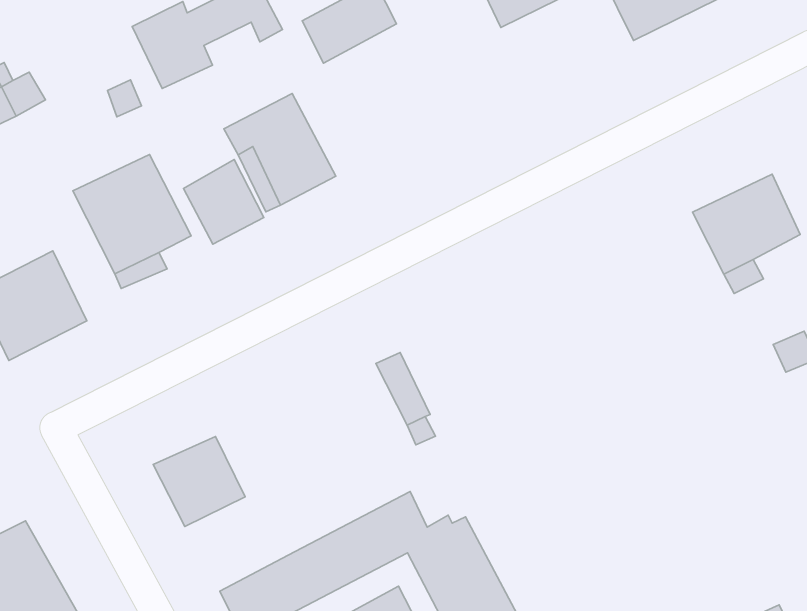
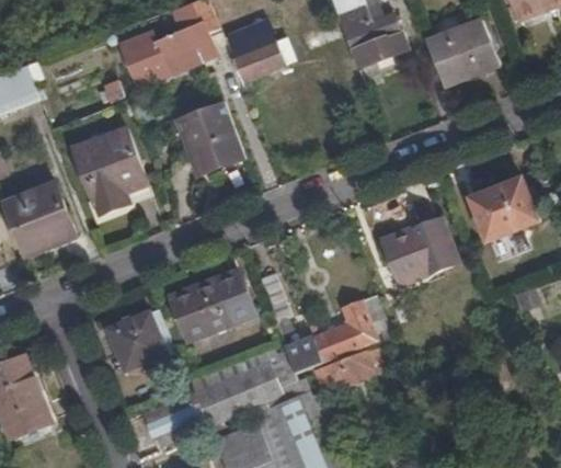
building: [184,160,264,244] -> none
building: none -> [382,218,457,284]
building: none -> [172,274,253,341]
building: none -> [284,295,390,375]
building: none -> [313,349,381,392]

